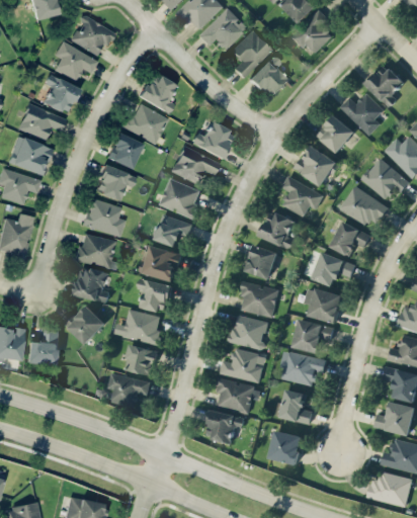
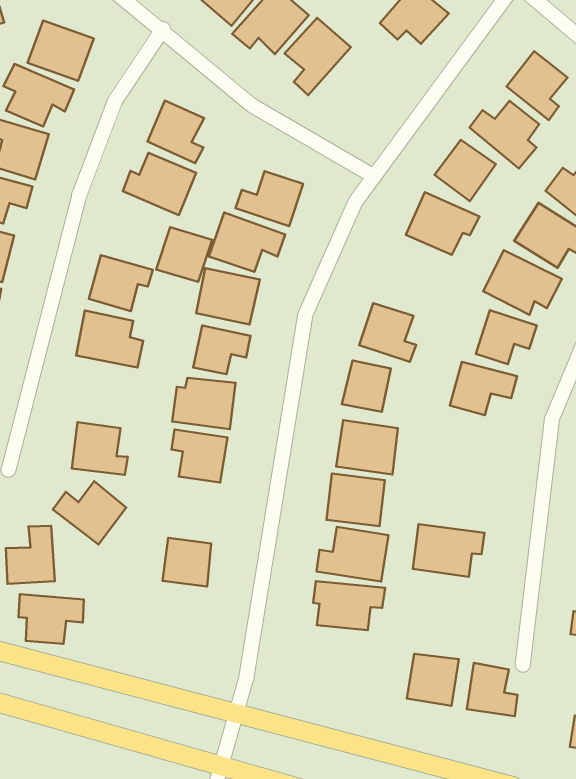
building: [249,59,289,98] -> none
building: [106,134,143,169] -> [156,227,212,282]
building: [281,176,323,217] -> none
building: [76,234,115,268] -> none
building: [304,286,342,323] -> none
building: [114,309,162,344] -> none
building: [293,319,334,353] -> none
building: [108,373,150,407] -> [19,594,84,644]
building: [279,388,312,424] -> [467,663,518,716]
building: [204,410,244,443] -> none

